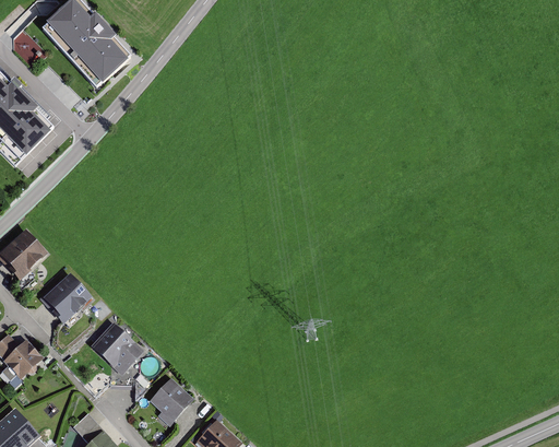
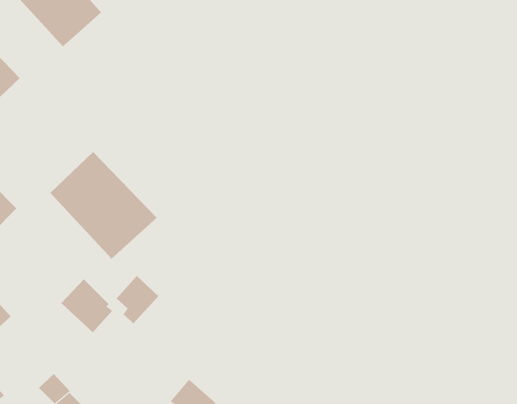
building: none -> [50,151,157,259]
building: [41,274,90,325] -> none
building: [152,377,194,425] -> [116,275,159,324]

